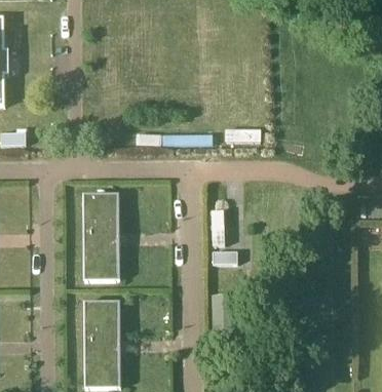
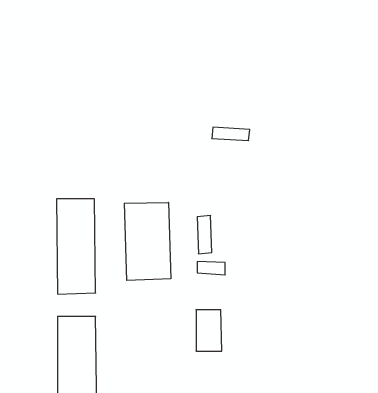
building: none -> [124,202,171,280]

